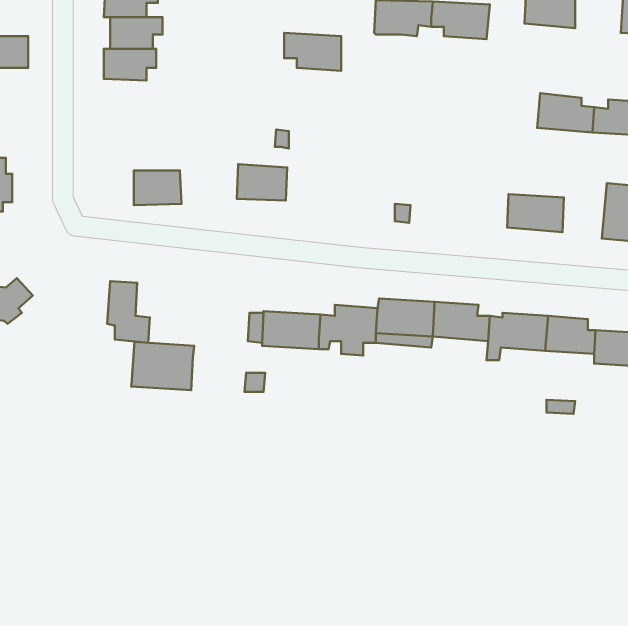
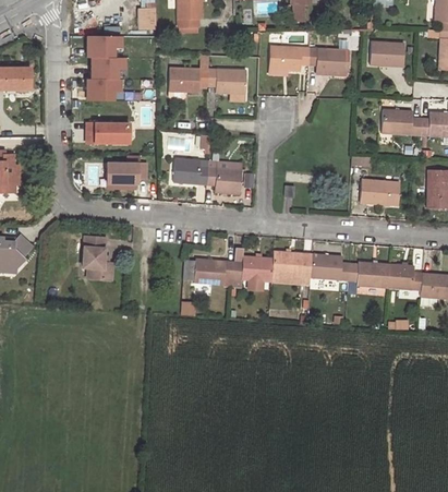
building: none -> [168,56,208,92]
building: none -> [86,121,128,145]
building: none -> [208,160,242,192]
building: [131,342,194,390] -> none

